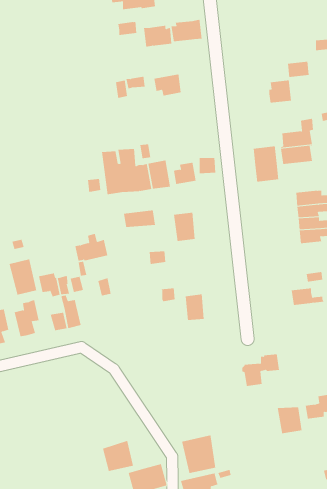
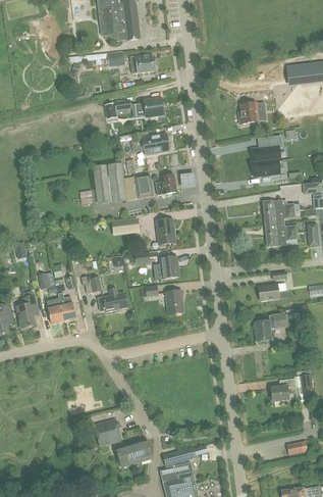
building: [171,19,202,42] -> none
building: none -> [130,132,168,153]
building: [253,146,279,182] -> none
building: [74,233,108,261] -> [98,287,127,311]
building: none -> [154,256,179,279]
building: [9,259,37,295] -> none
building: [241,354,280,386] -> [253,312,286,341]
building: [277,406,302,434] -> none
building: [181,434,216,474] -> none

